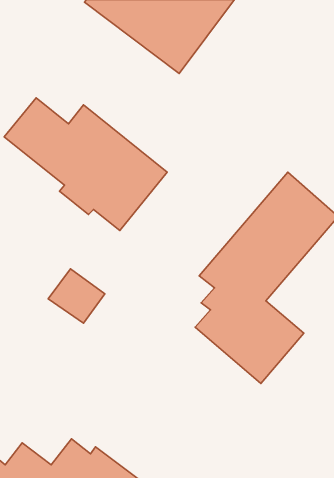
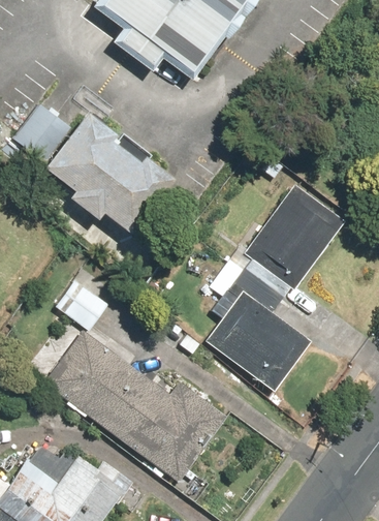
building: none -> [41,332,225,482]

